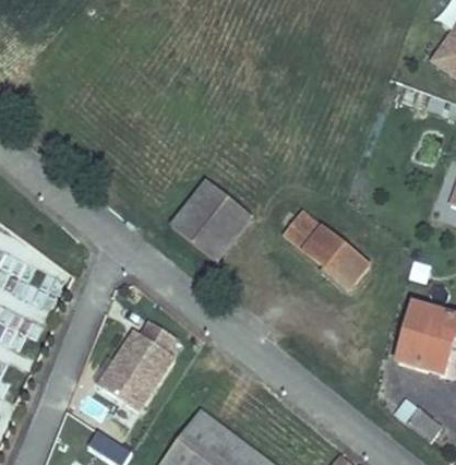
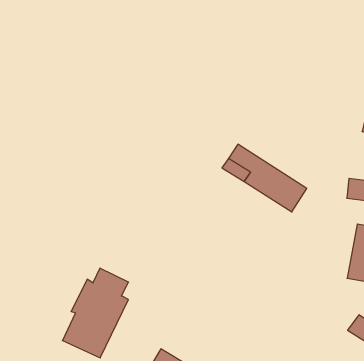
building: [171,181,249,260] -> none

